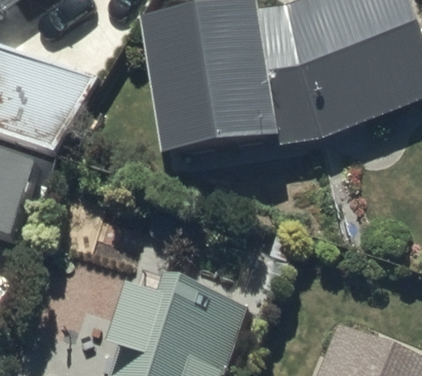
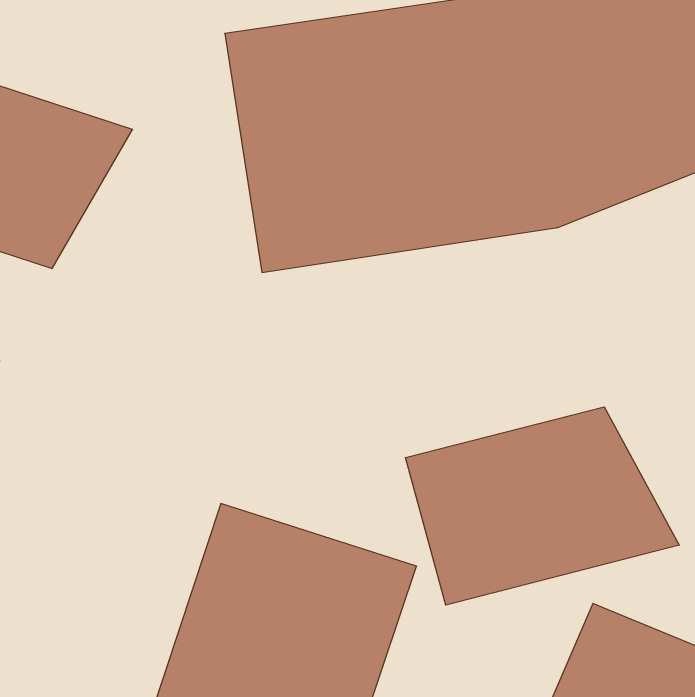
building: none -> [405,407,679,605]

